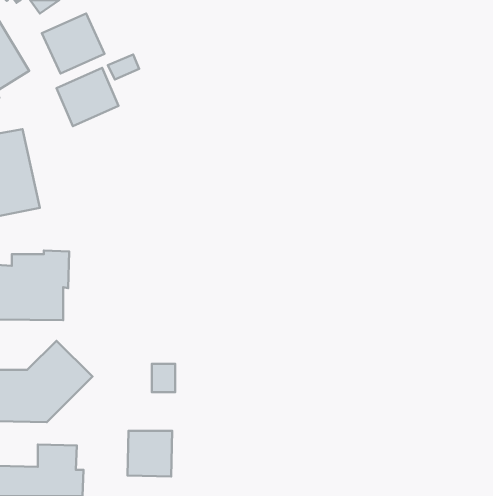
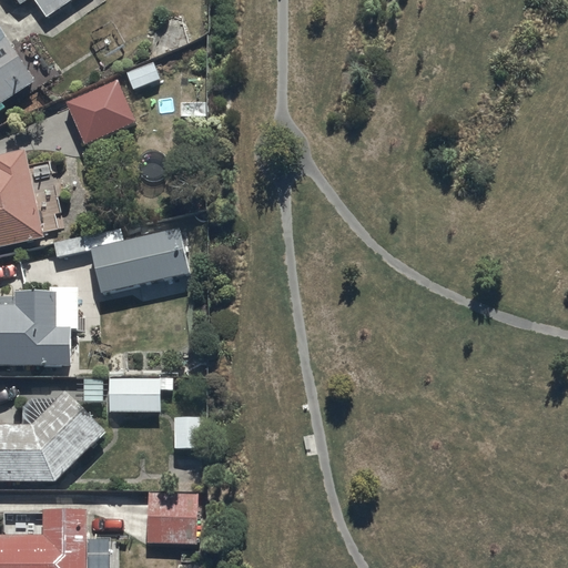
building: [42,14,104,74] -> none
building: none -> [51,227,192,295]
building: none -> [82,377,171,410]

